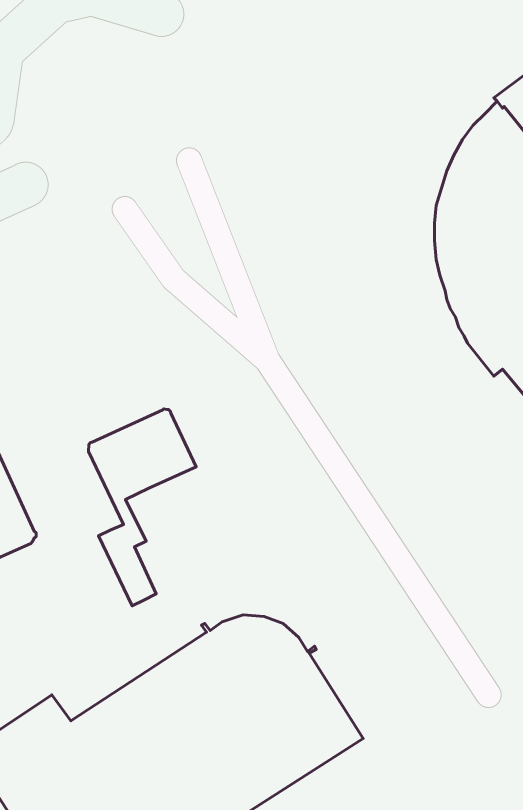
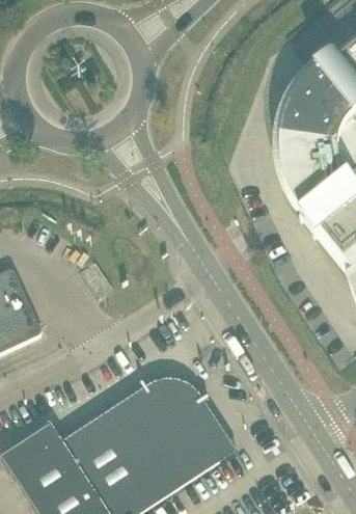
building: [88,409,196,606] -> none

